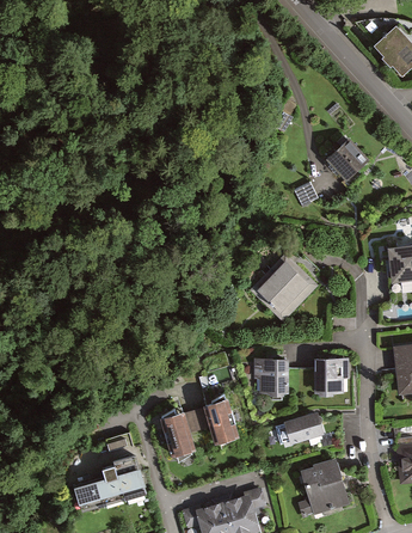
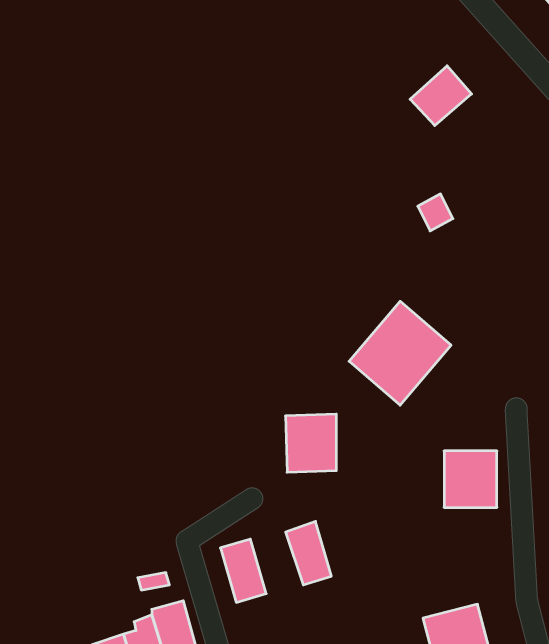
building: [328,136,370,177] -> [410,66,472,126]
building: [254,355,289,394] -> [285,414,336,472]
building: [284,410,324,443] -> none

